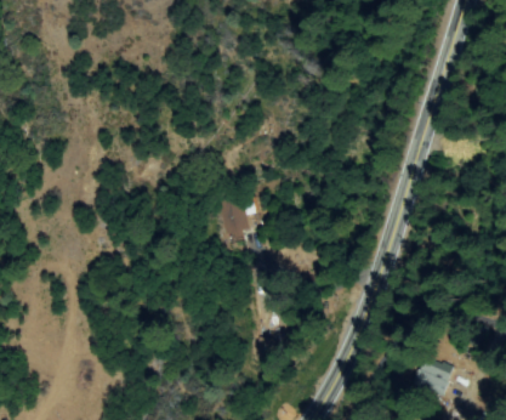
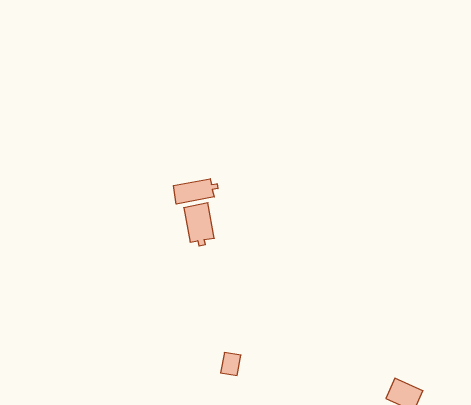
building: none -> [173,179,218,204]

